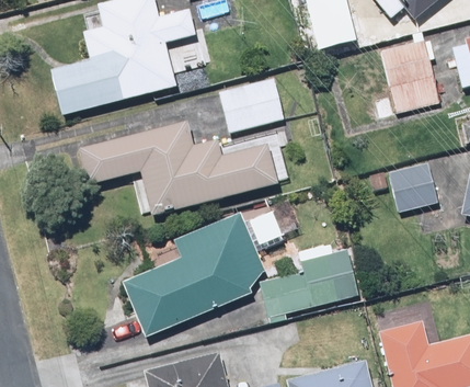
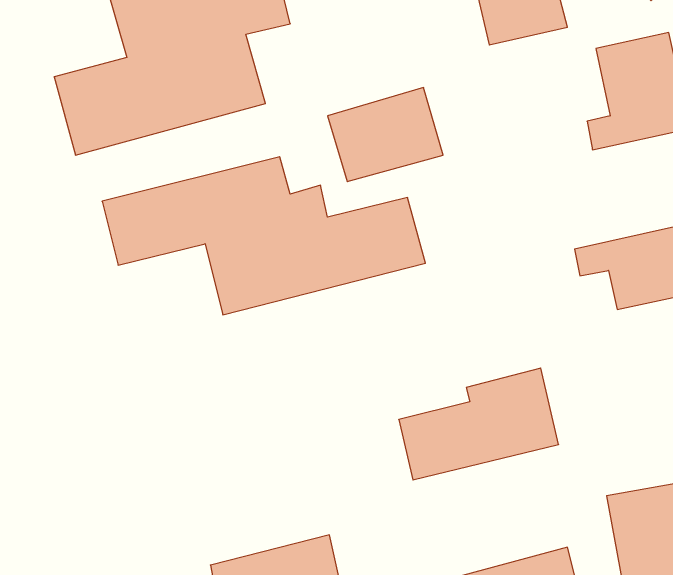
building: [123,210,266,337] -> none

